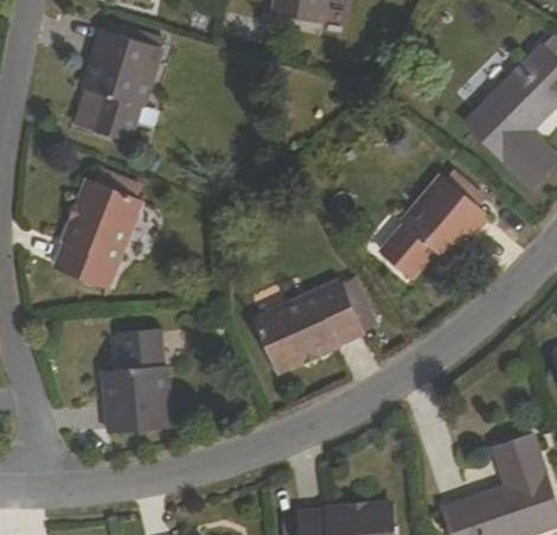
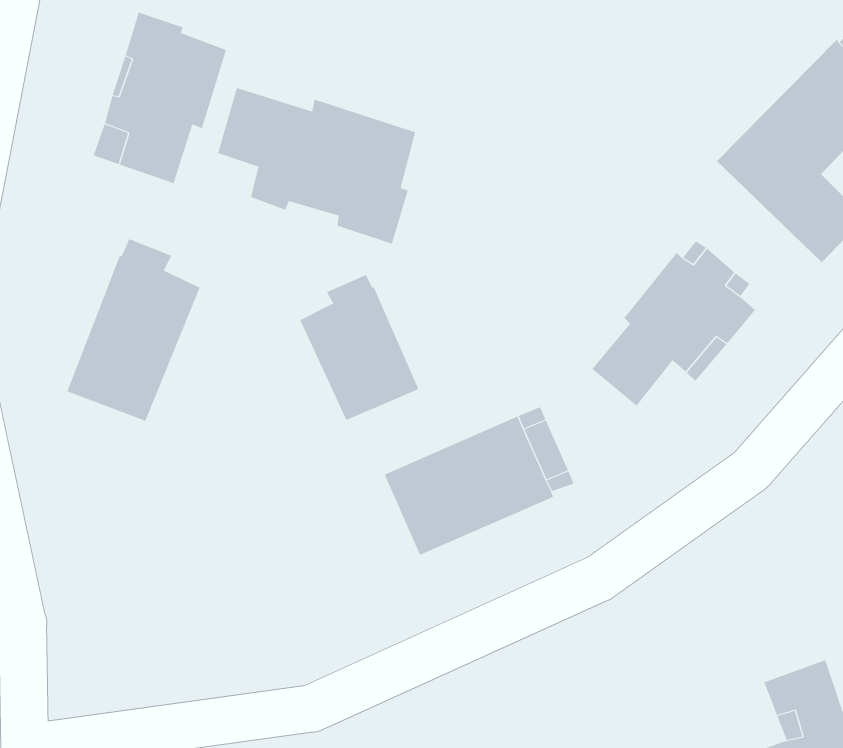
building: none -> [217,87,416,244]
building: none -> [300,274,419,421]
building: [103,331,168,432] -> none

